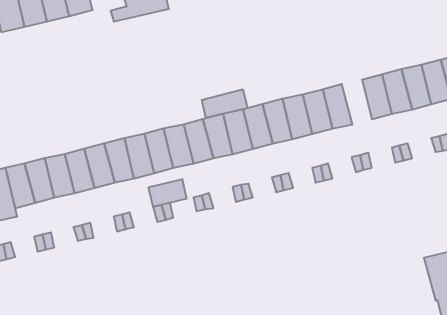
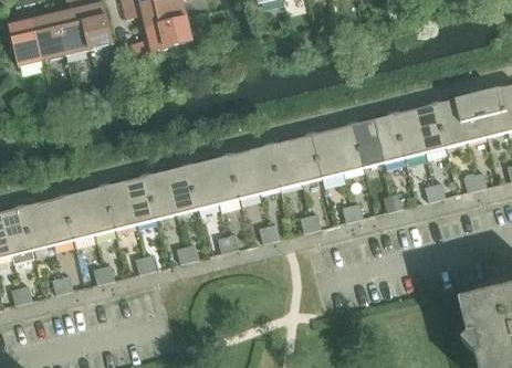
building: none -> [372,115,403,161]
building: [202,89,247,118] -> none
building: [149,179,187,207] -> none

